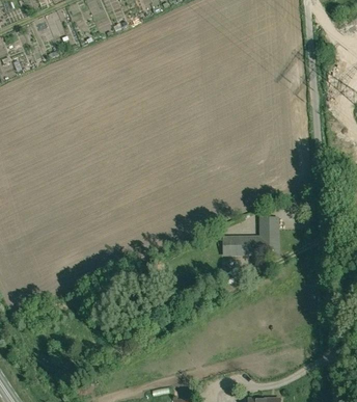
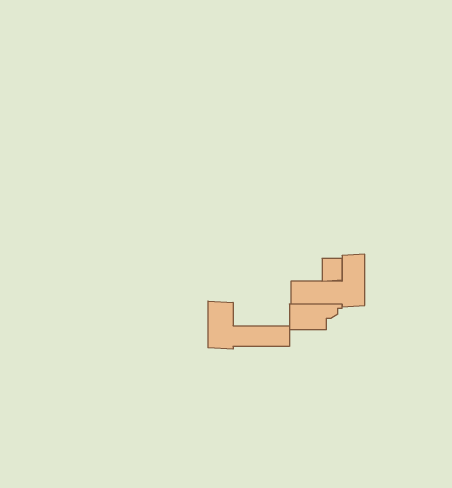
building: none -> [208,301,289,349]

